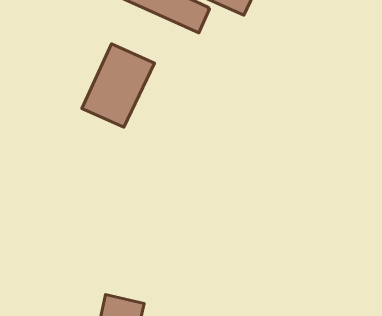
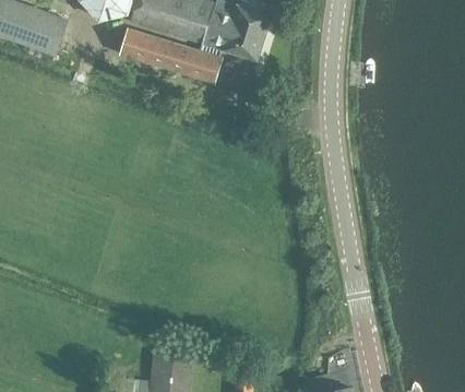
building: [82,44,155,127] -> none

